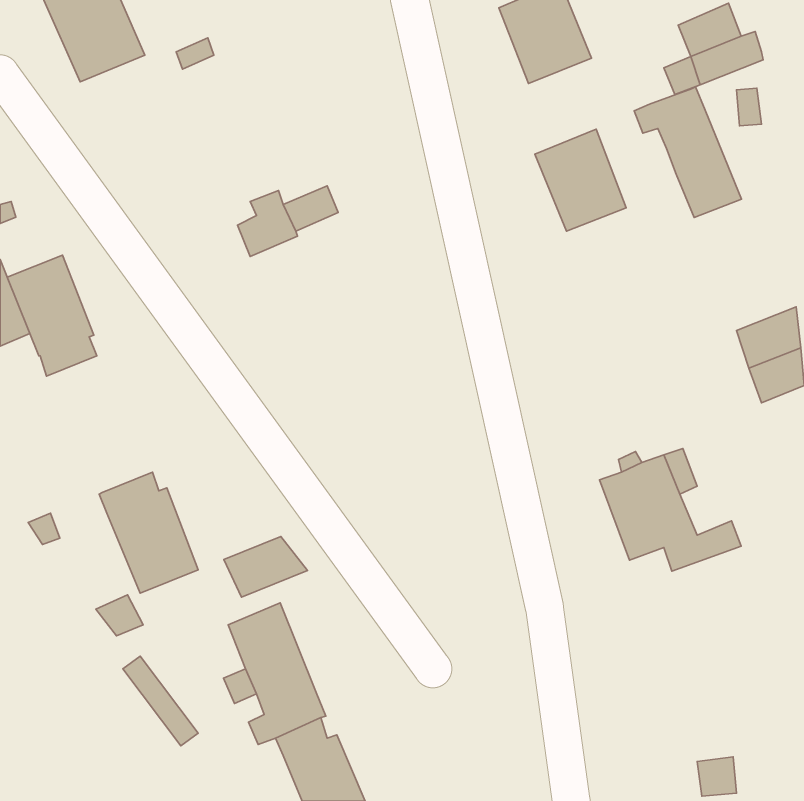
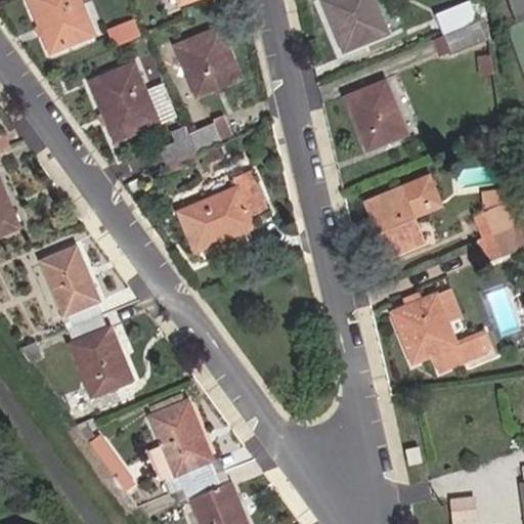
building: none -> [171,27,234,94]
building: [634,87,742,217] -> none
building: none -> [86,62,169,137]
building: [7,255,97,376] -> [41,242,99,320]
building: none -> [170,170,260,252]
building: none -> [368,179,439,256]
building: [224,536,307,597] -> none

